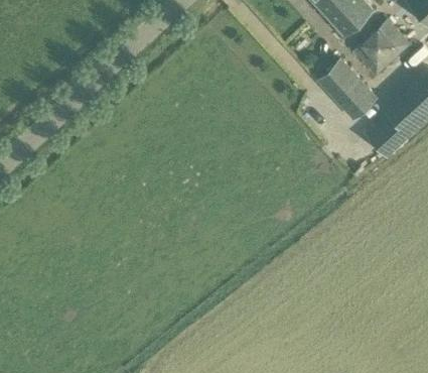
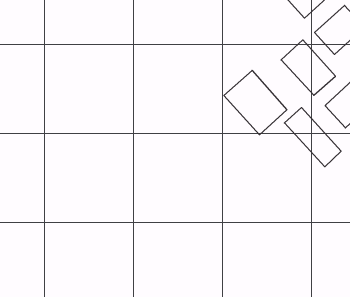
building: none -> [224,70,287,135]
building: none -> [284,108,341,167]

